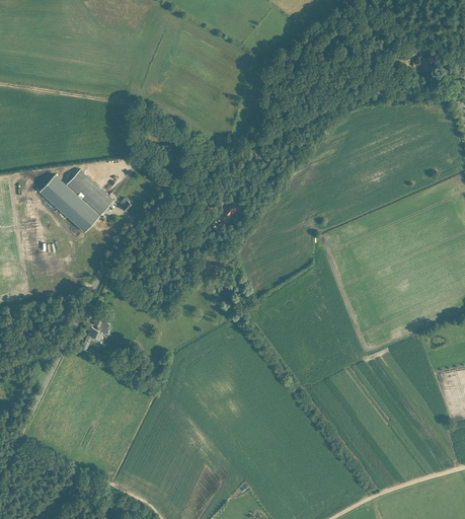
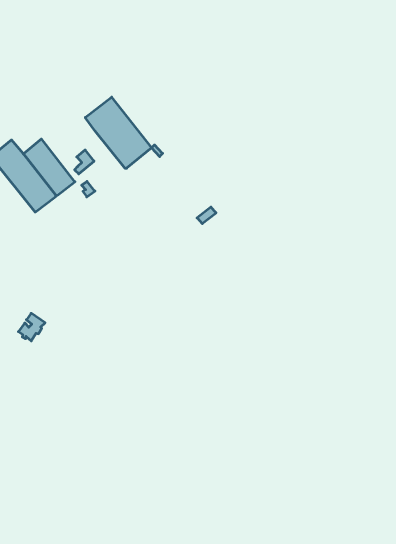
building: none -> [85,97,151,168]

